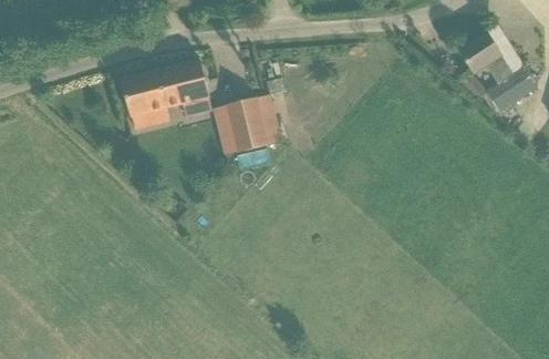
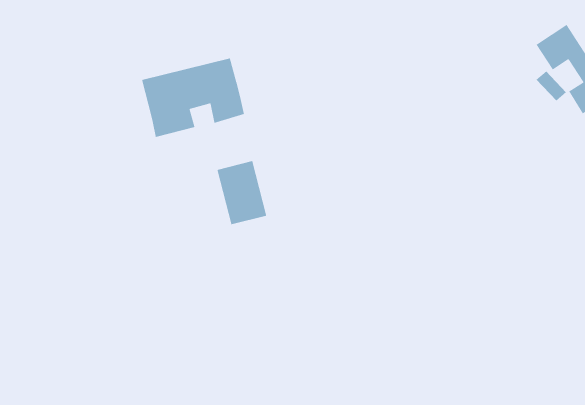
building: [226,95,269,151] -> [216,160,267,225]

